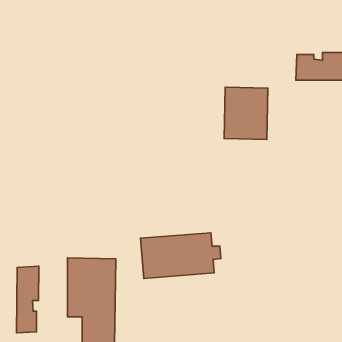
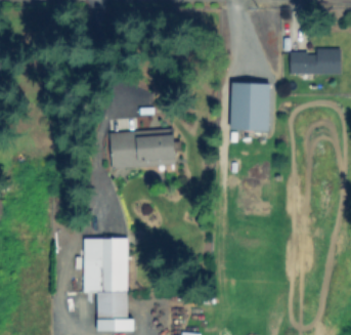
building: [140,233,221,278] -> [108,127,182,169]
building: [16,266,39,333] -> none

